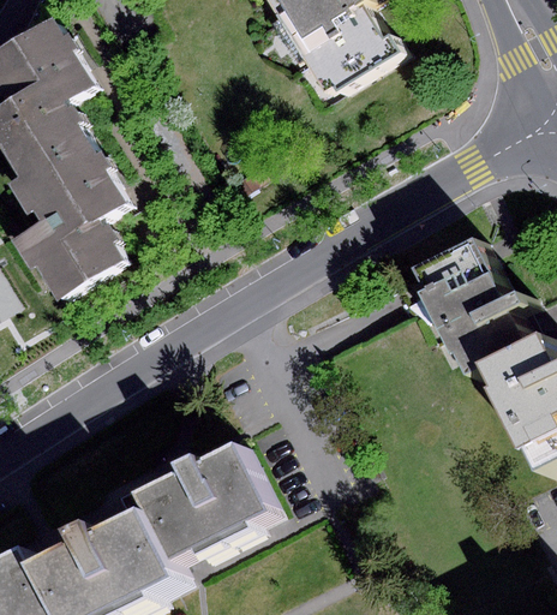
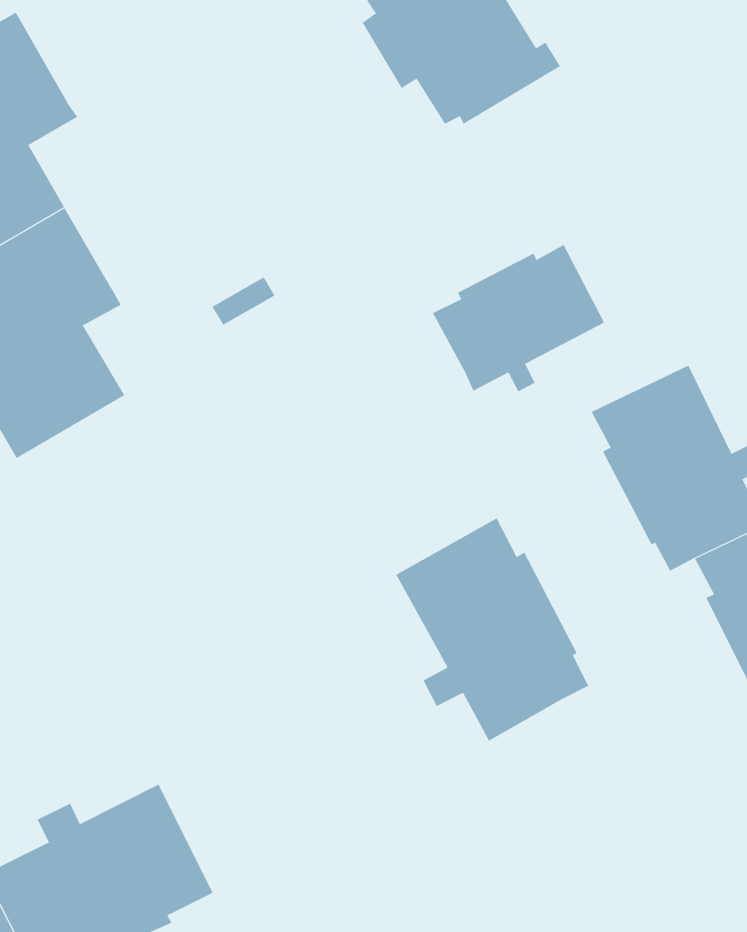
building: none -> [432,244,605,392]
building: none -> [395,518,589,741]
building: [137,442,276,560] -> none

